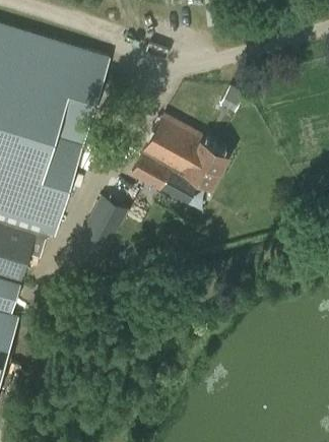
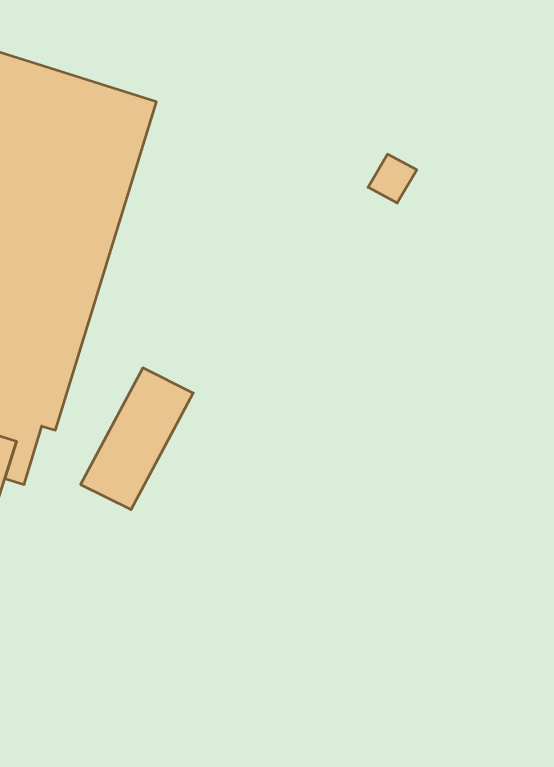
building: [130,115,228,204] -> none

